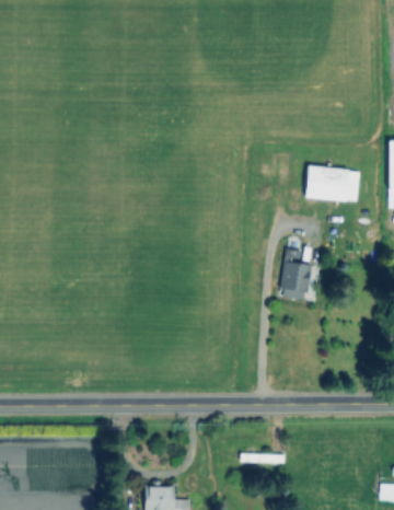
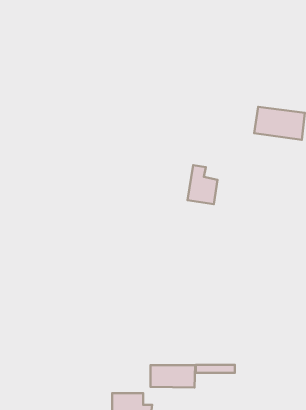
building: [280,248,314,292] -> [187,165,218,204]
building: none -> [151,365,195,388]

